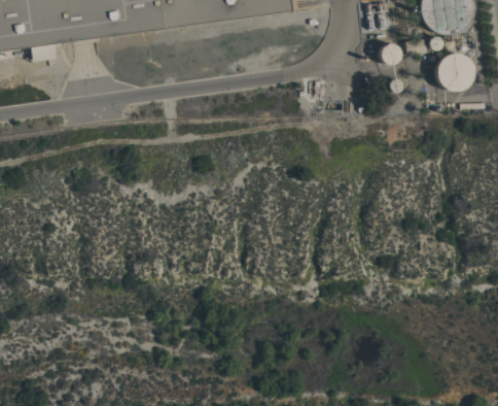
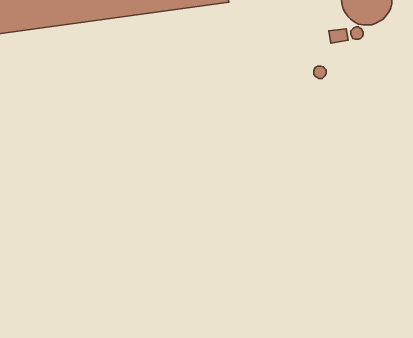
building: [379,42,400,64] -> none
building: [435,53,473,91] -> none

